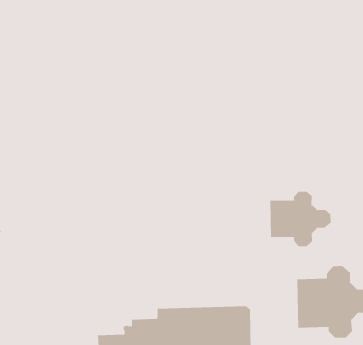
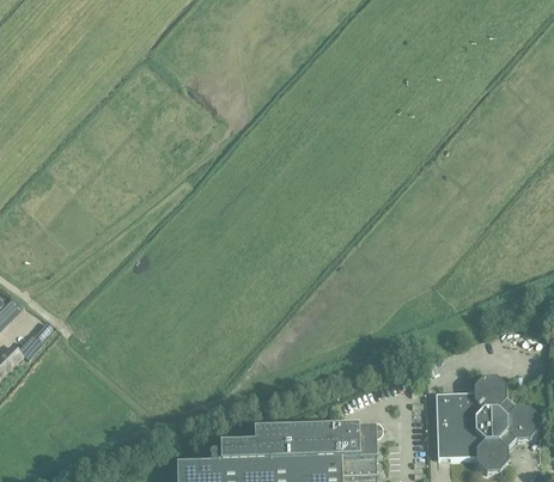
building: [269,191,332,247] -> none

